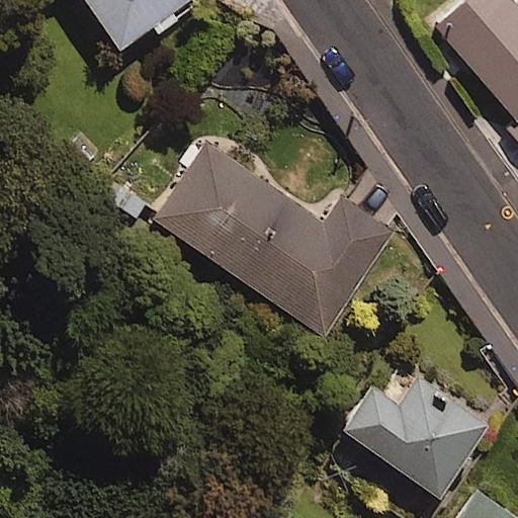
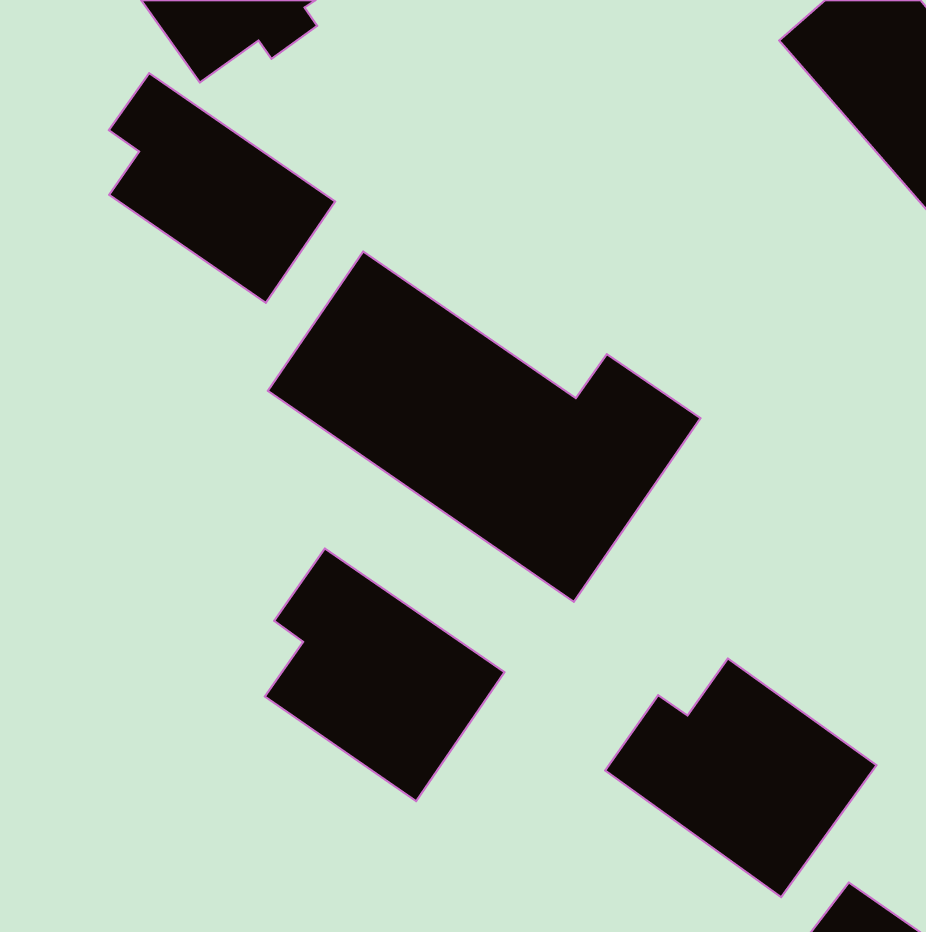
building: none -> [109,73,335,303]
building: none -> [265,548,504,801]

